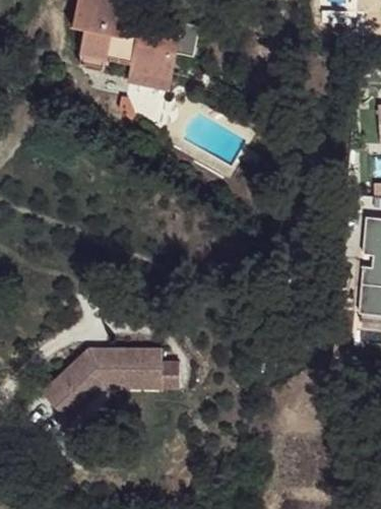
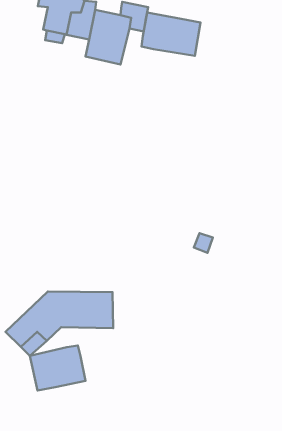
building: none -> [141,12,200,56]
building: none -> [30,345,86,391]

